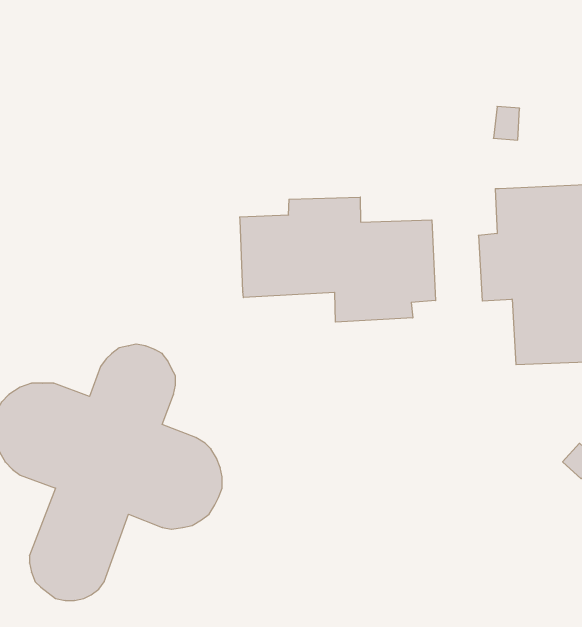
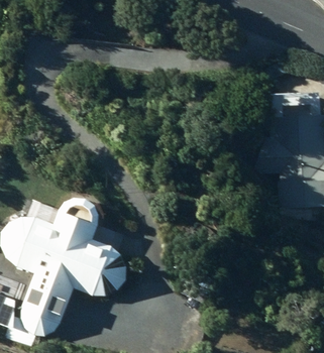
building: [240,197,436,322] -> none

